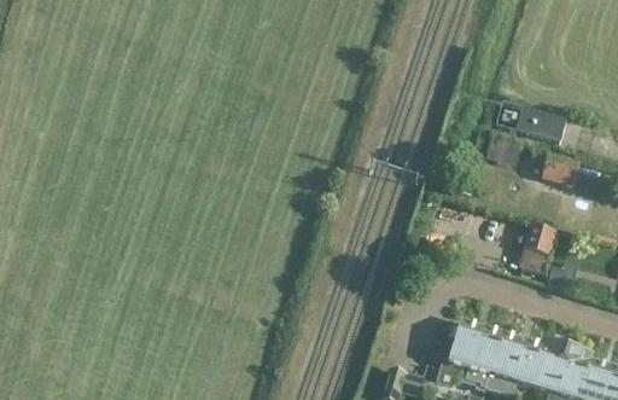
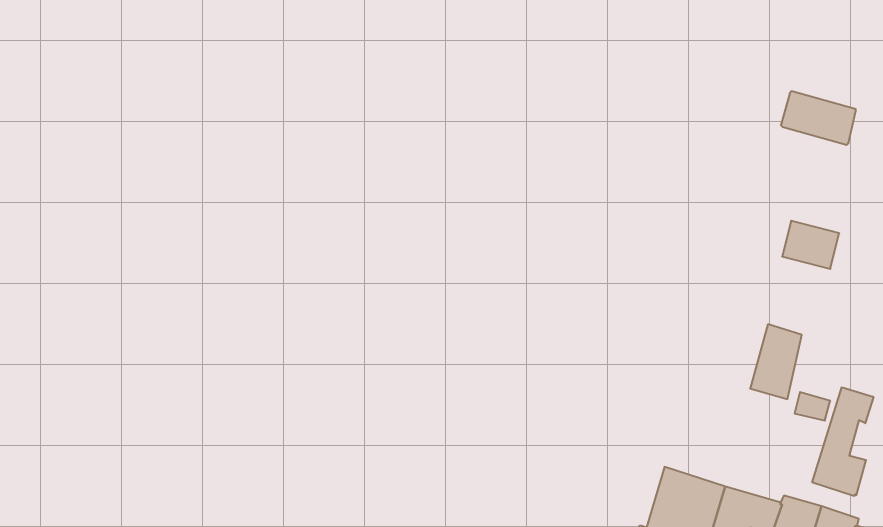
building: [515,108,566,144] -> [781,91,856,145]
building: none -> [812,387,873,496]

